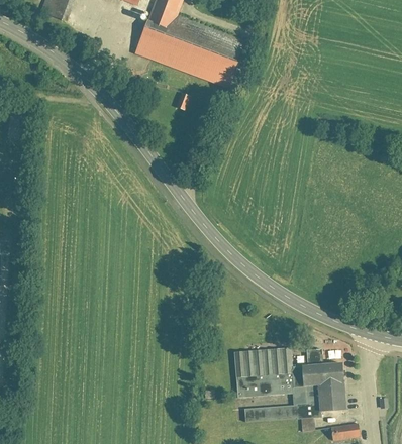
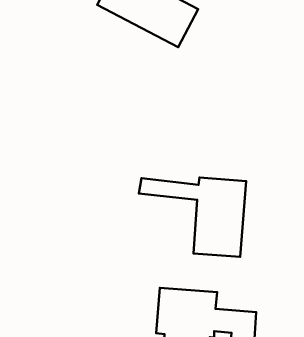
building: none -> [139,178,246,257]

